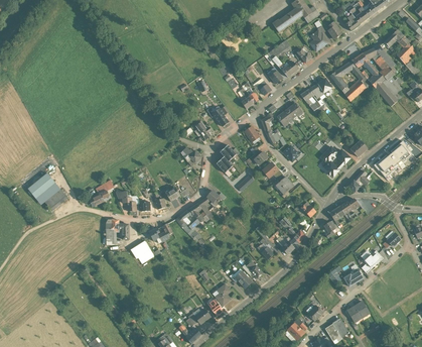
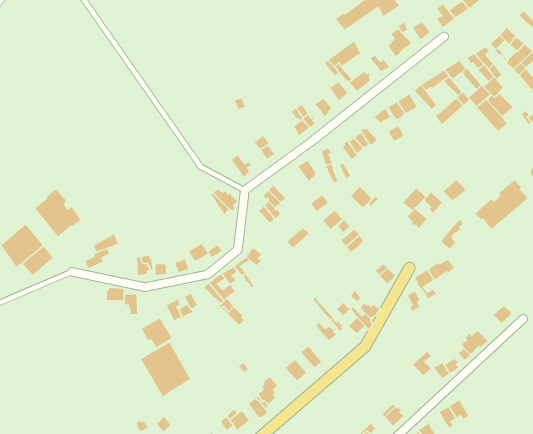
building: none -> [34,188,82,237]
building: none -> [140,341,191,397]

